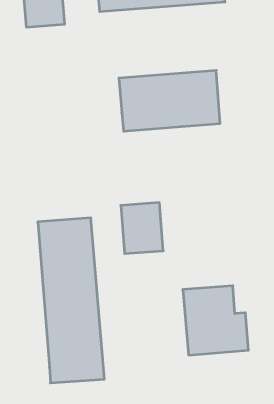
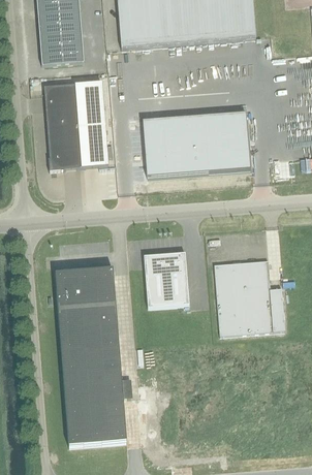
building: none -> [44,82,107,170]
building: [183,286,248,355] -> [214,259,284,334]

